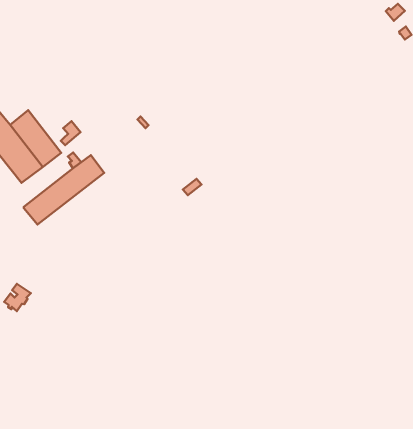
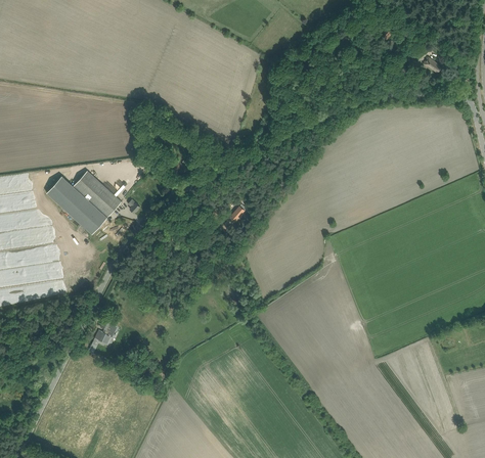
building: [24,155,104,225] -> none

